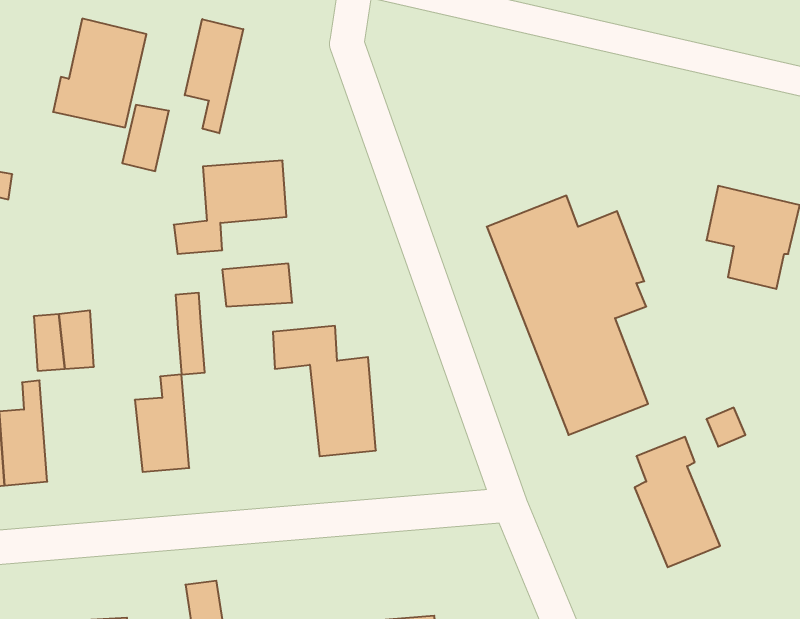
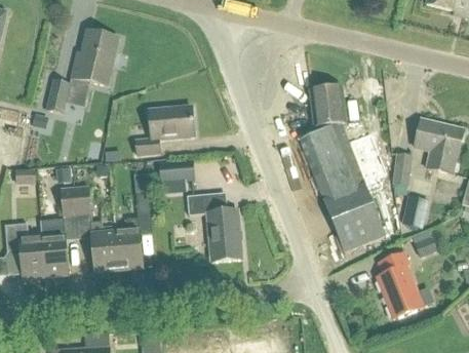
building: [185,19,243,133] -> none
building: [122,105,169,171] -> [46,78,71,113]
building: none -> [309,84,346,125]
building: none -> [393,152,413,185]
building: none -> [401,194,428,228]
building: none -> [90,222,117,271]

